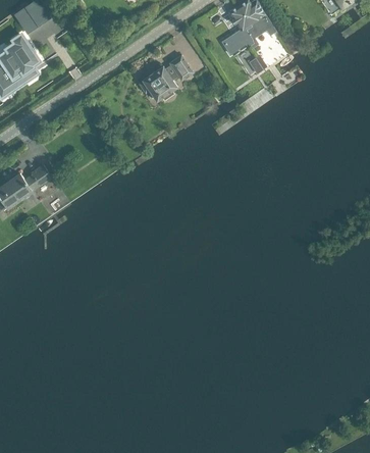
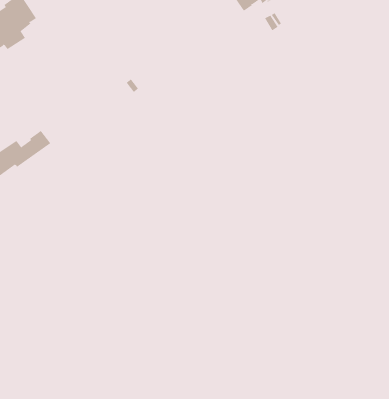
building: [140,54,194,99] -> none

